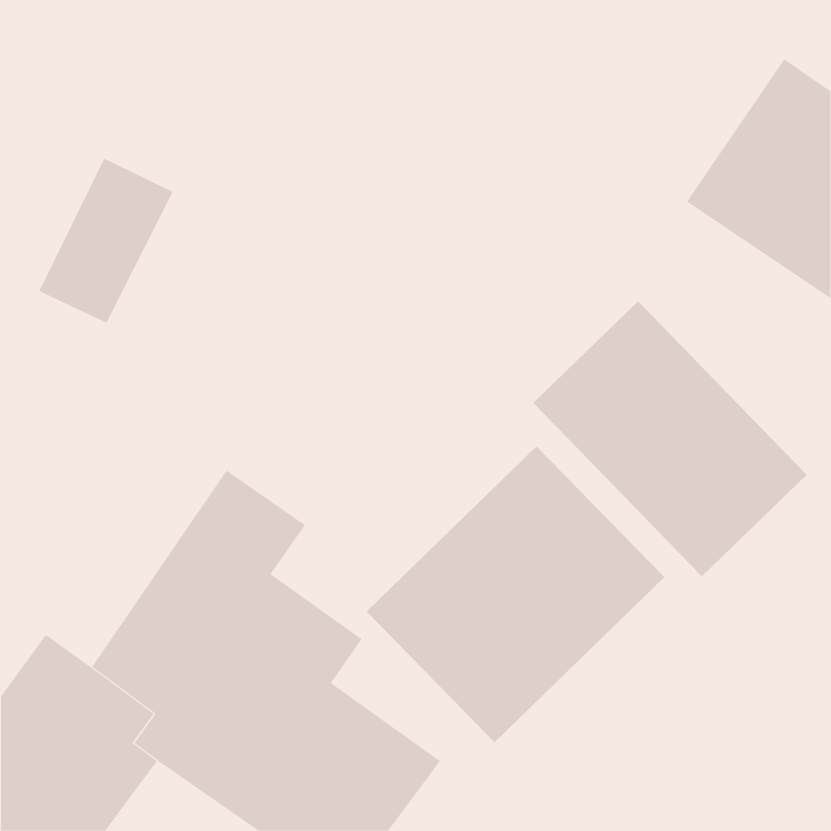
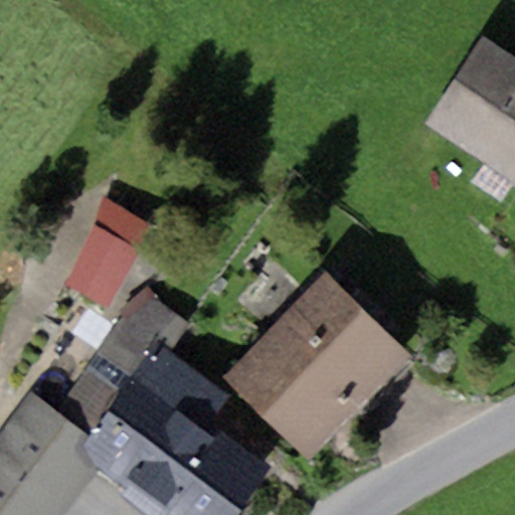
building: [39,158,174,324] -> [65,205,149,308]
building: [532,301,808,577] -> none

